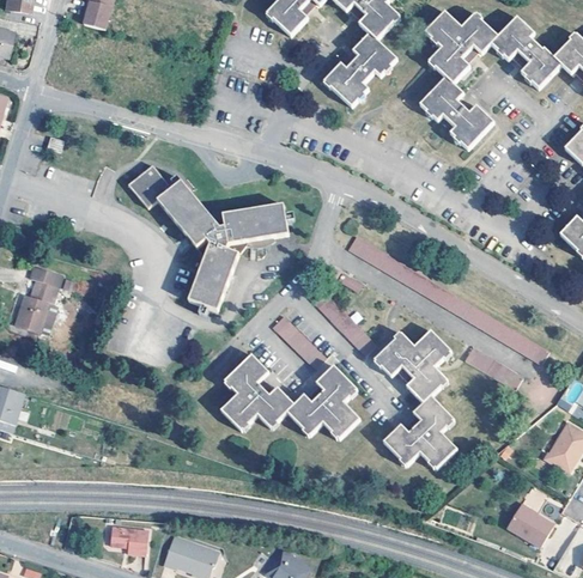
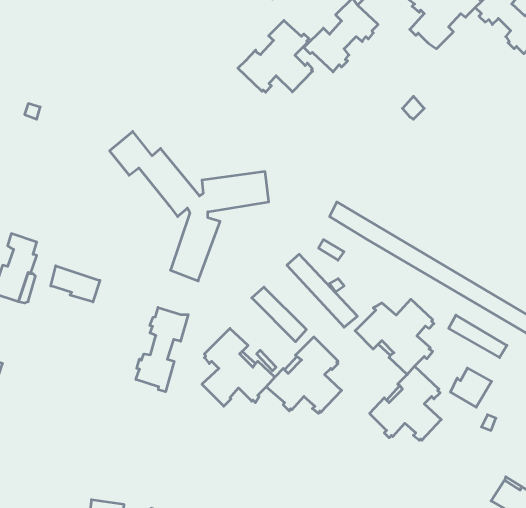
building: none -> [238,20,313,92]
building: [420,75,493,146] -> none
building: none -> [51,266,100,302]
building: none -> [136,307,188,392]
building: none -> [450,368,492,407]

